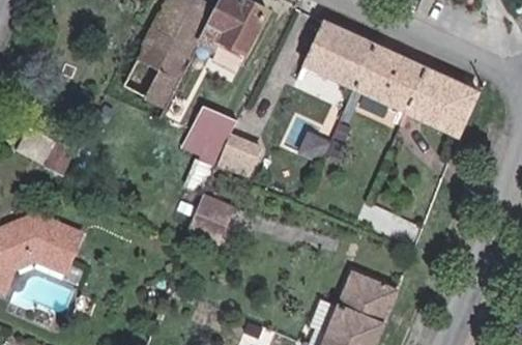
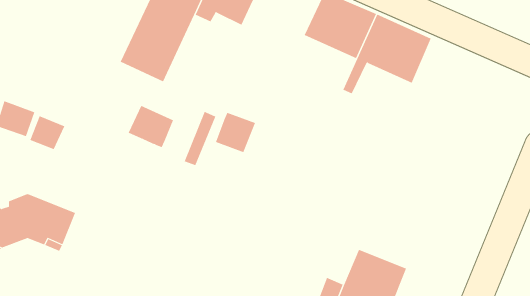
building: [405,66,475,132] -> none
building: [190,104,234,145] -> [128,105,174,148]
building: [187,192,235,242] -> none

